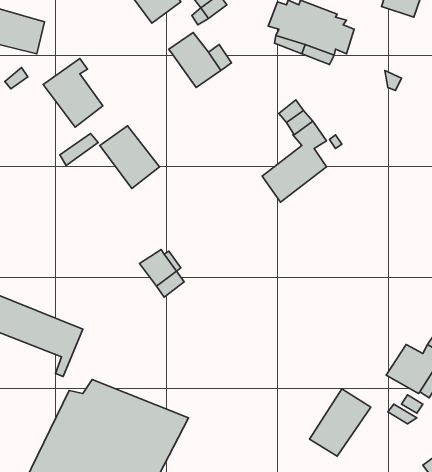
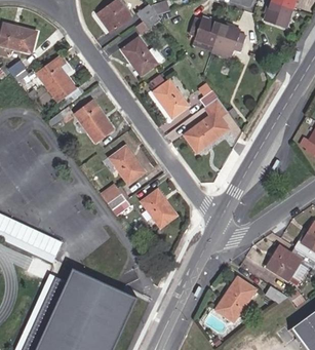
building: none -> [151,79,187,118]
building: none -> [109,146,145,185]
building: none -> [141,189,178,228]

